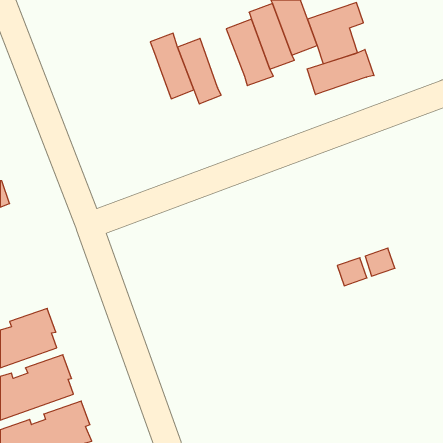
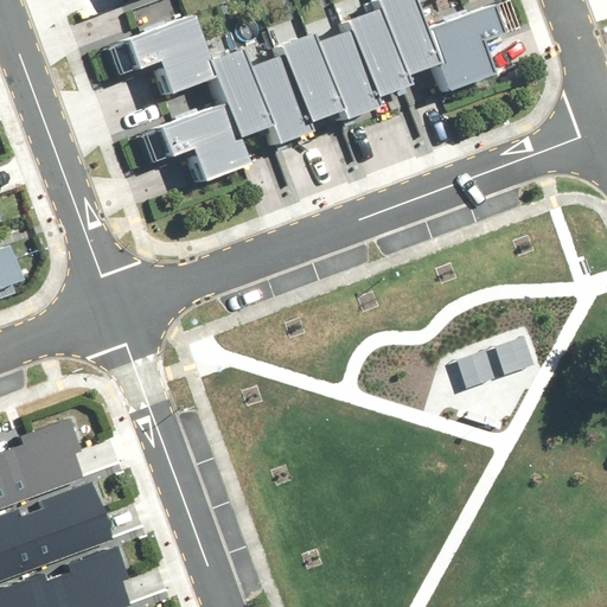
building: none -> [109,15,215,94]
building: none -> [273,36,337,123]
building: [307,49,374,95] -> none
building: none -> [142,103,247,181]

